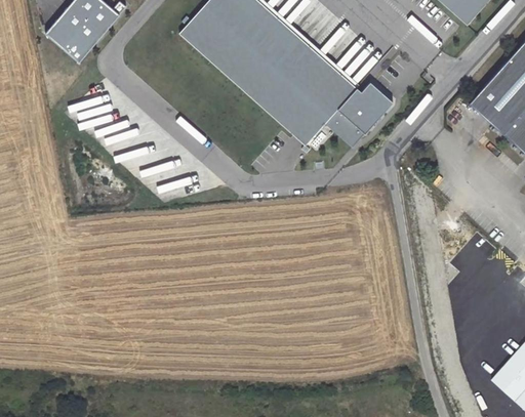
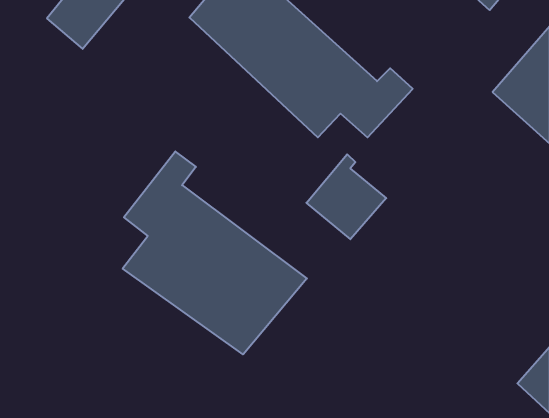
building: none -> [123,151,307,354]
building: none -> [306,154,386,239]

